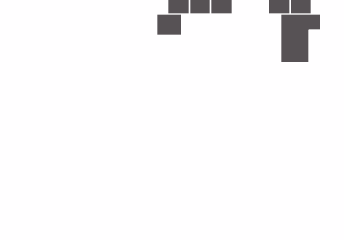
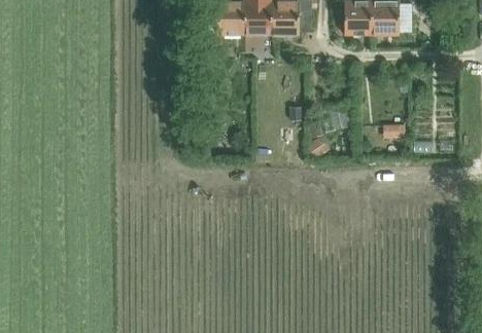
building: [157,14,181,36] -> none
building: [281,14,320,63] -> none

